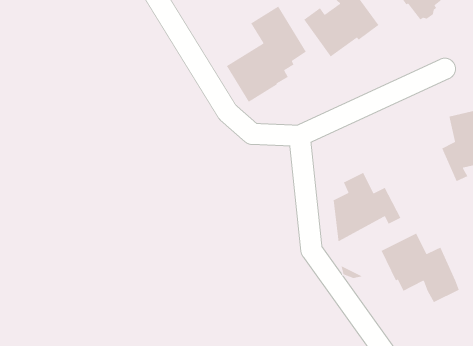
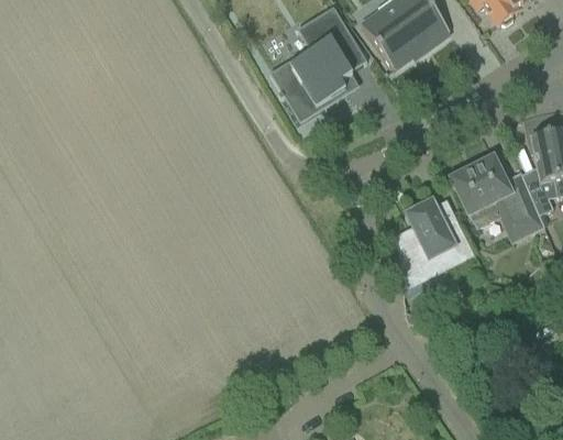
building: [381,232,460,303] -> [452,157,544,240]

